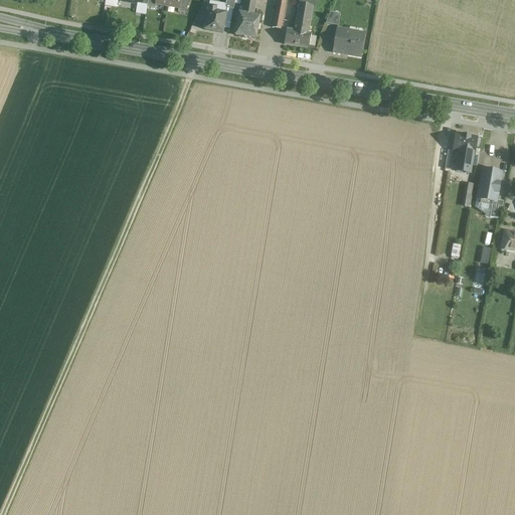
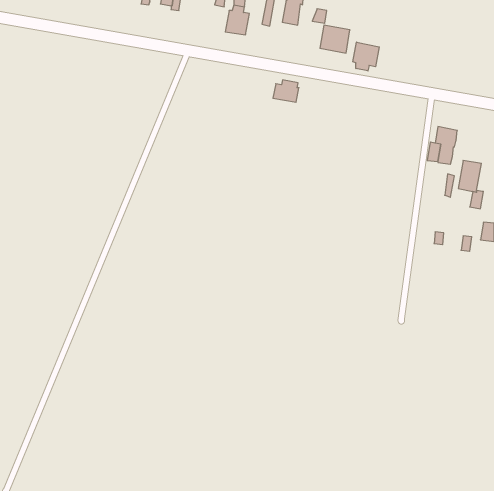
building: [204,4,225,31] -> none
building: [284,23,311,46] -> [273,80,299,102]
building: none -> [353,42,379,71]

